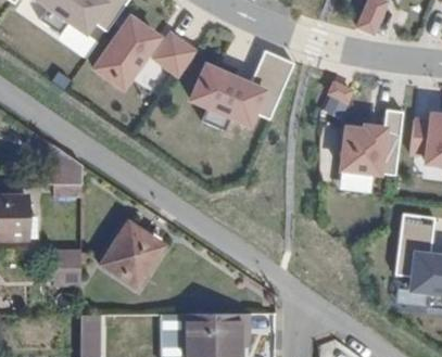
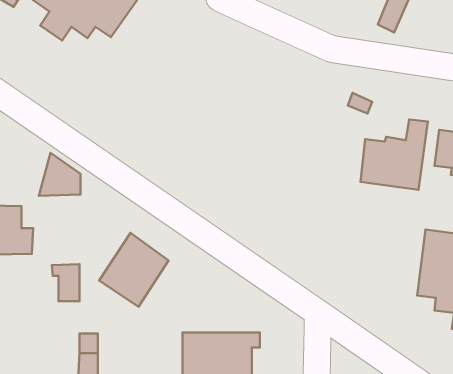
building: [98,22,161,91] -> none
building: [156,37,198,79] -> none
building: [194,54,298,135] -> none

